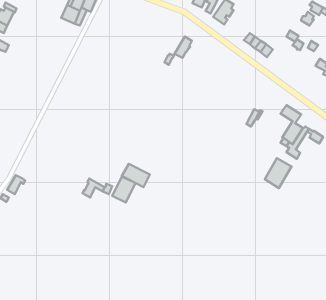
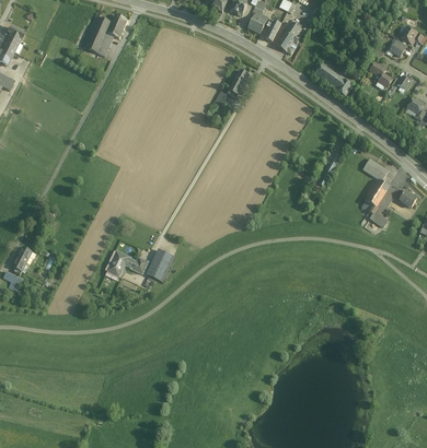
building: [265,158,292,188] -> none
building: [122,164,150,187] -> none

